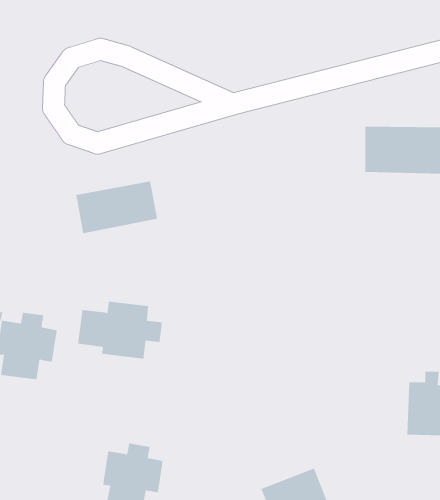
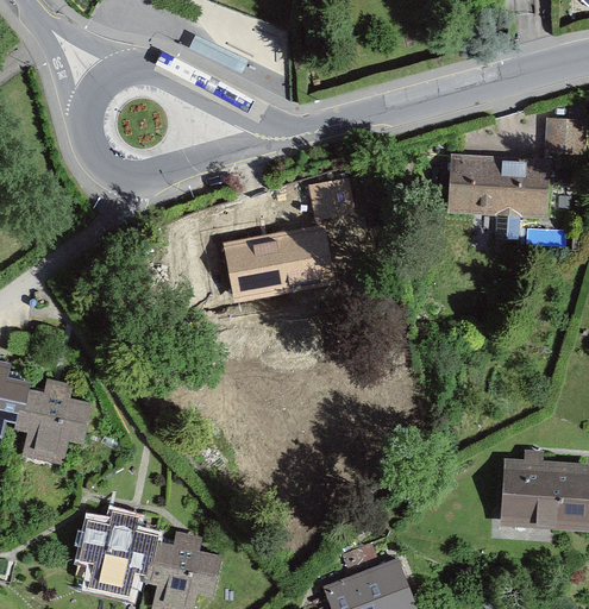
building: [76,181,158,234] -> [230,233,327,296]
building: [77,301,163,360] -> none
building: none -> [79,510,149,596]

